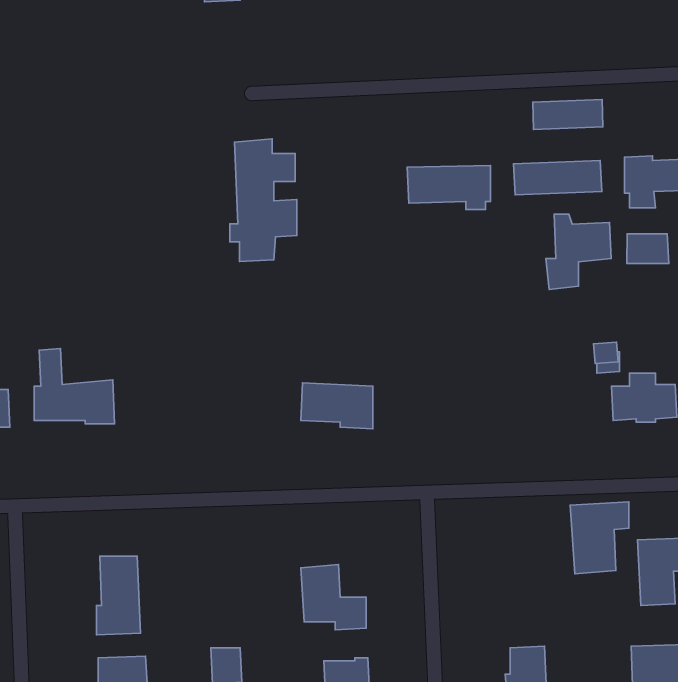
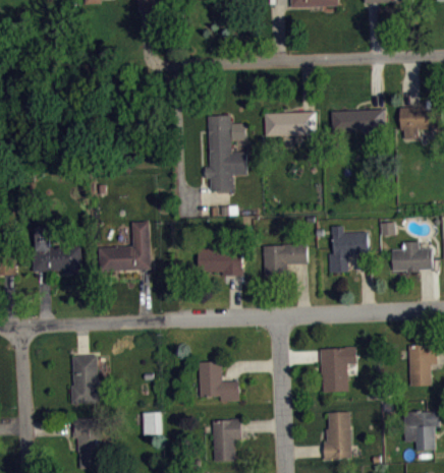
building: [533,99,603,130] -> none
building: [230,139,297,262] -> [205,115,246,191]
building: [546,214,611,289] -> [328,227,369,274]
building: [627,234,669,264] -> none
building: none -> [99,222,152,272]
building: none -> [264,244,308,282]
building: [570,502,629,574] -> [320,348,356,393]

